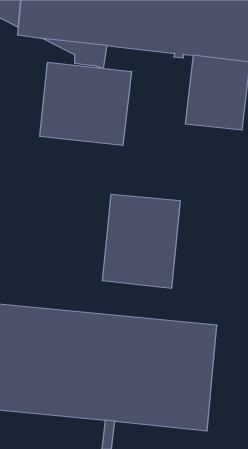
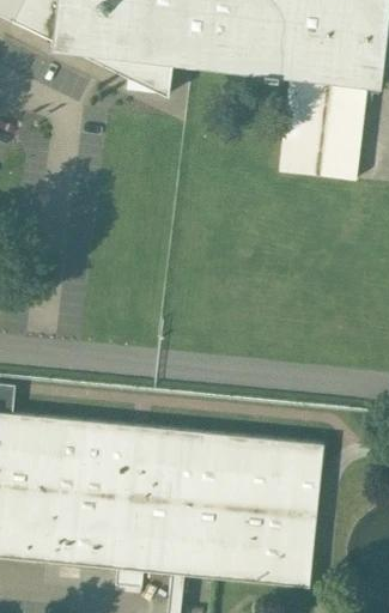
building: [40,62,132,145] -> none
building: [103,194,180,288] -> none

